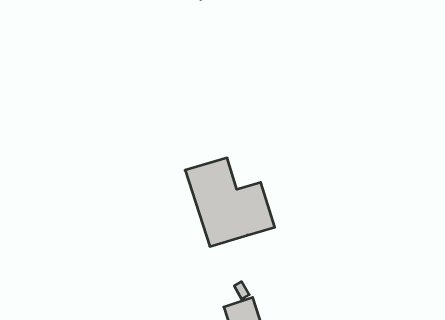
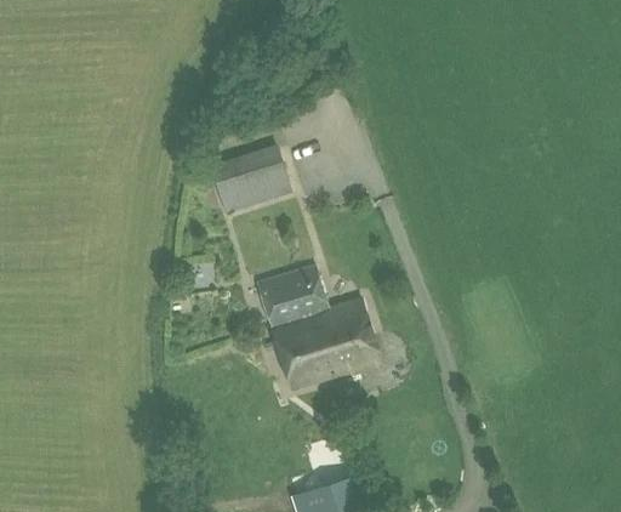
building: none -> [210,144,292,215]

